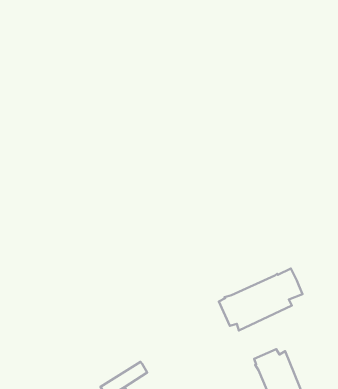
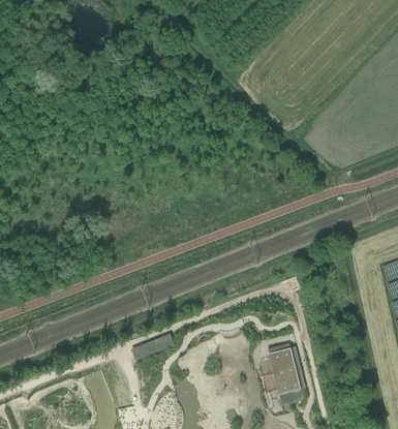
building: [219,269,302,331] -> none

